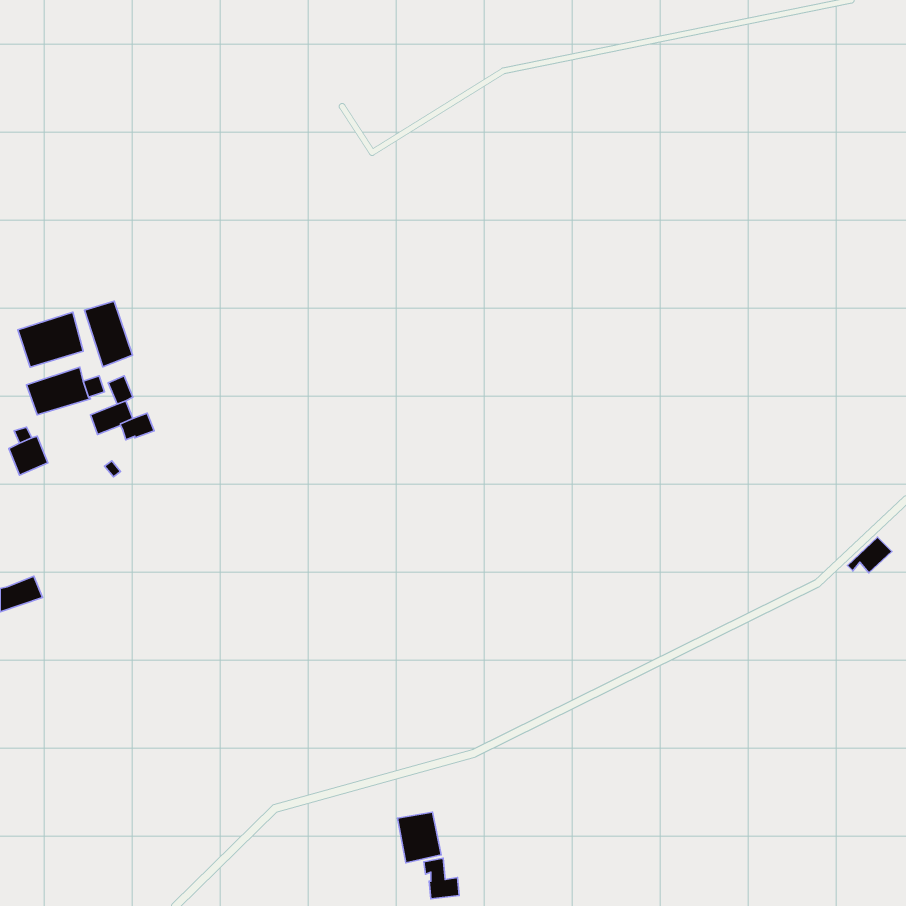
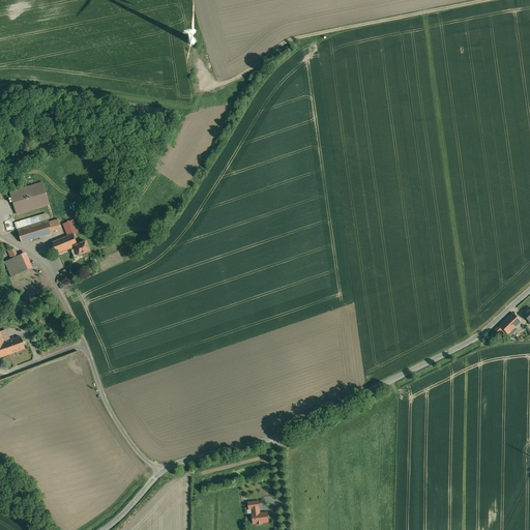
building: [85,301,132,367] -> none
building: [398,812,441,863] -> none

